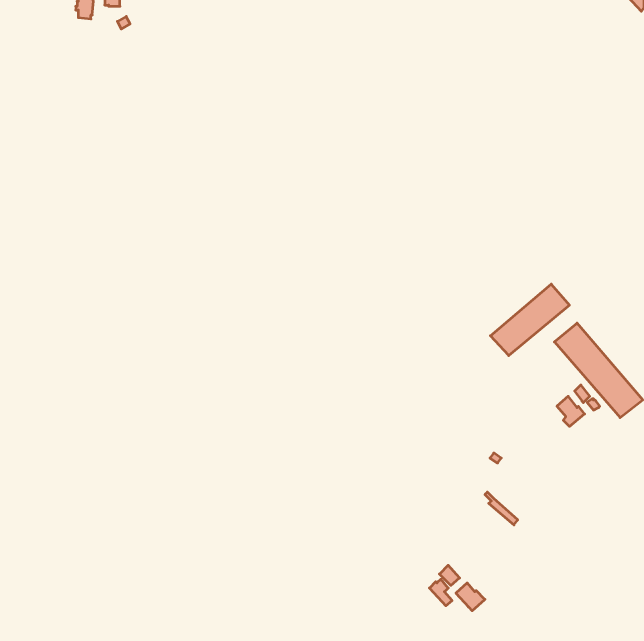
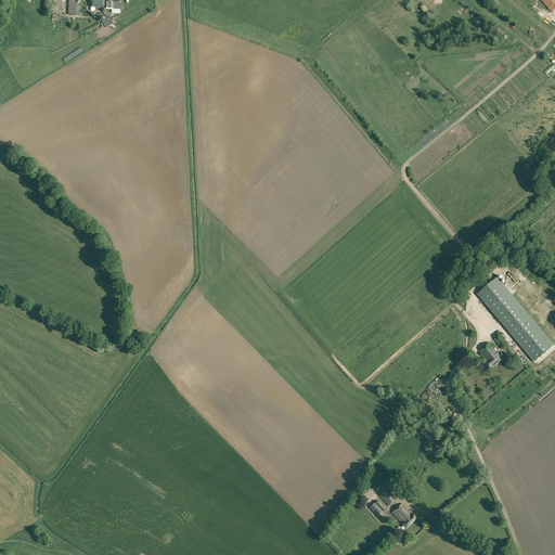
building: [490,284,569,356] -> none

